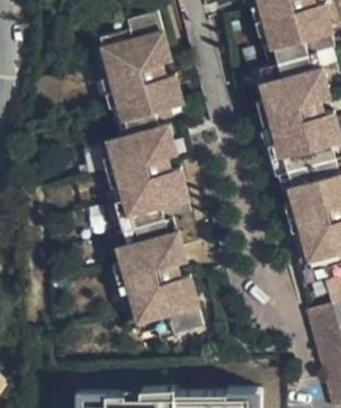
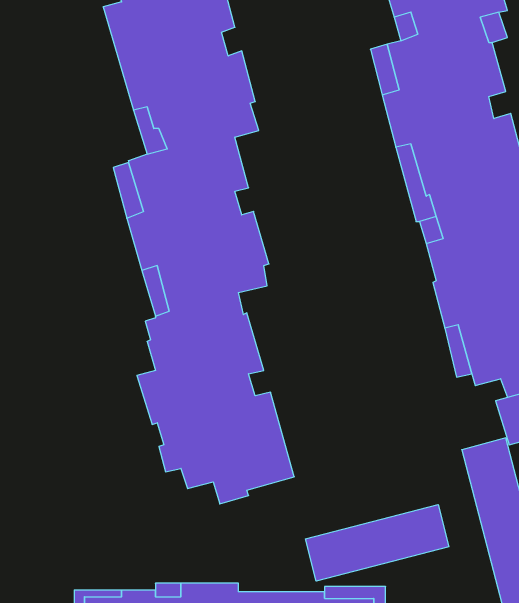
building: none -> [306,505,449,581]

